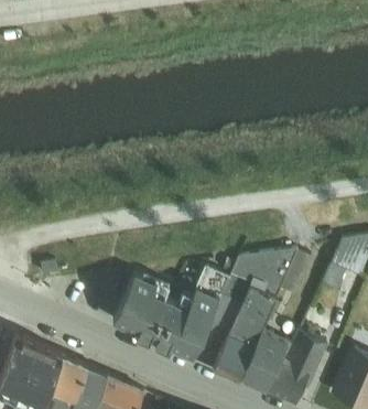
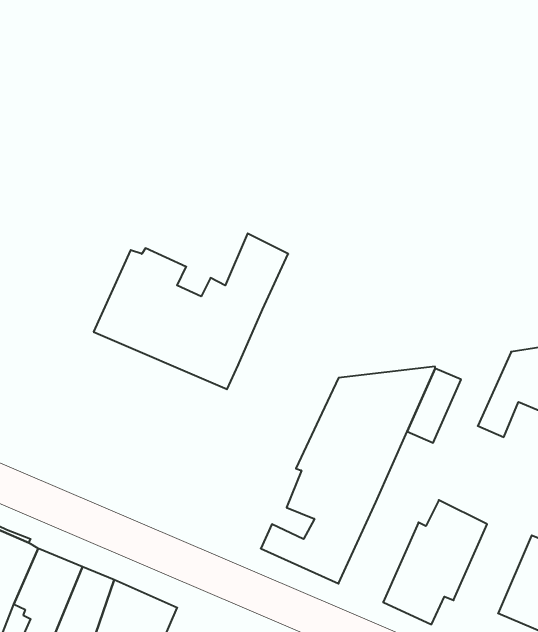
building: [113,263,229,356] -> [94,233,288,389]
building: [239,329,286,388] -> none

